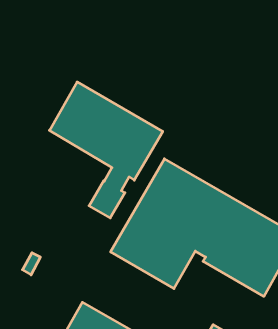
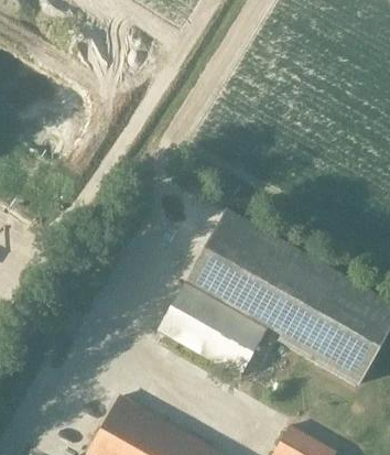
building: [49,82,163,218] -> none

